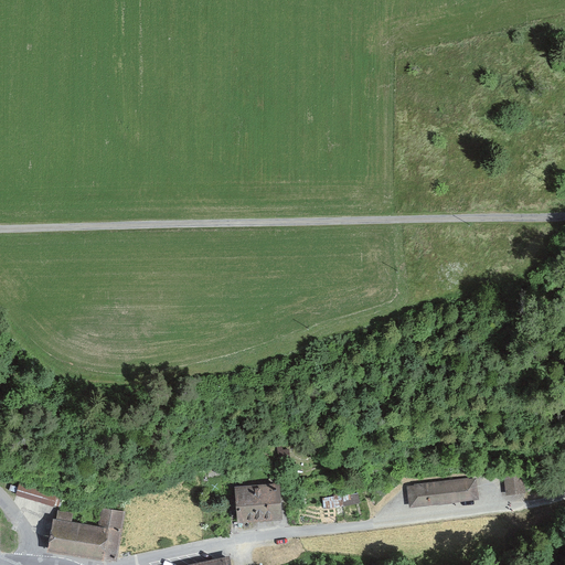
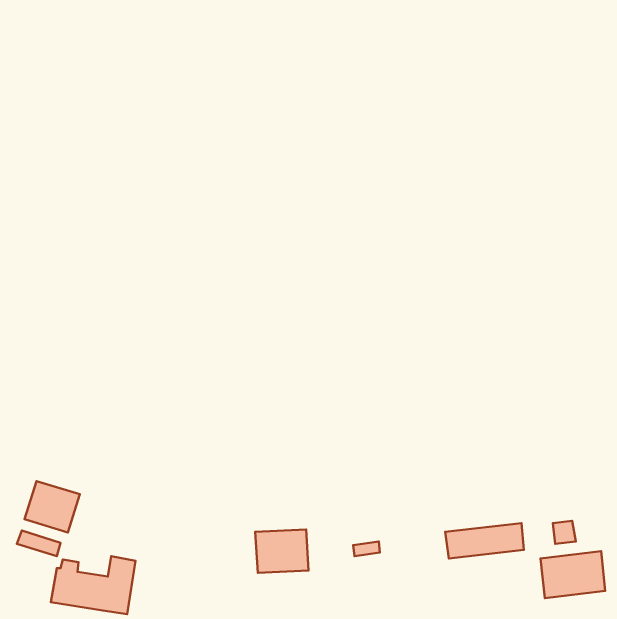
building: none -> [24,481,80,532]
building: none -> [541,551,605,598]

